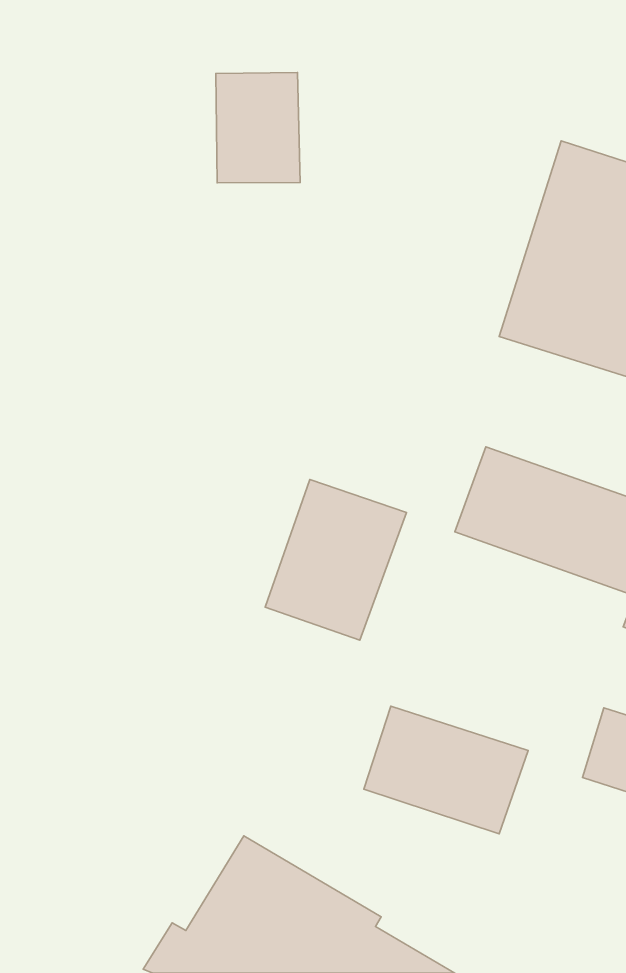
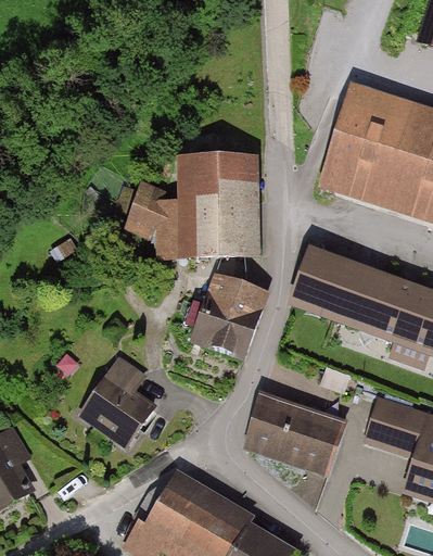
building: [216,73,300,183] -> none
building: none -> [123,153,258,257]
building: none -> [77,353,155,445]

